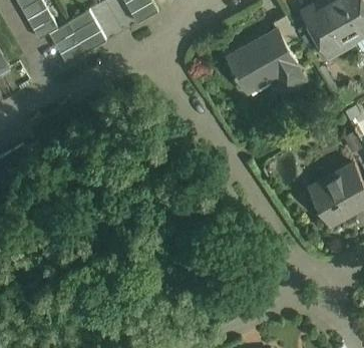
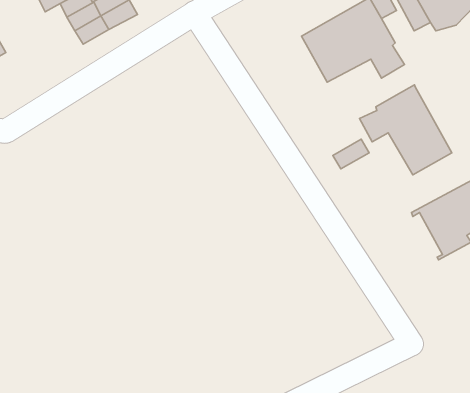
building: none -> [360,85,452,175]

